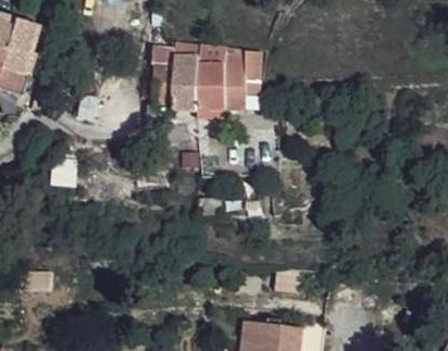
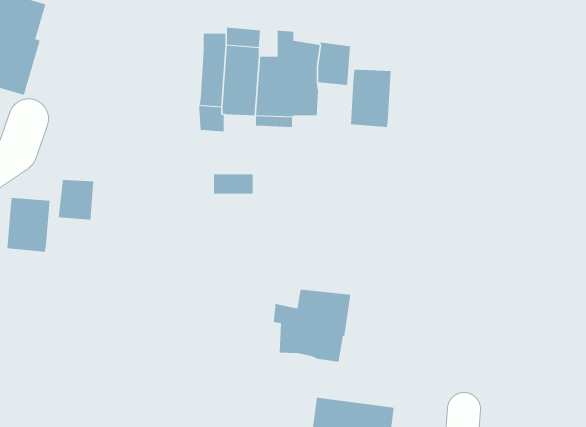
building: none -> [351,69,391,128]
building: none -> [7,197,50,253]
building: none -> [273,289,351,362]

